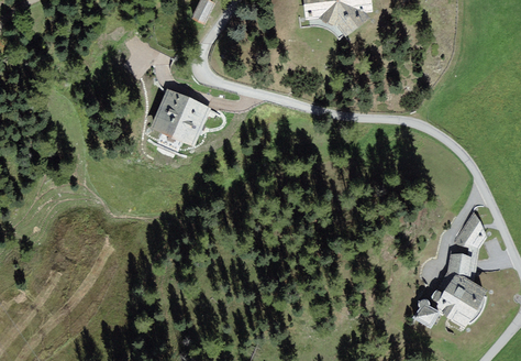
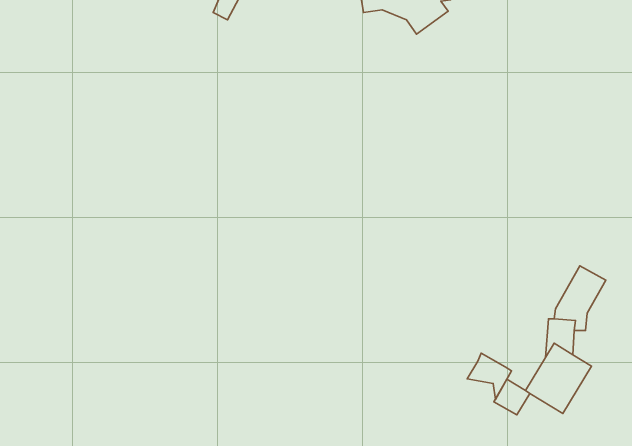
building: [149,89,210,147] -> none
building: none -> [467,353,511,399]

